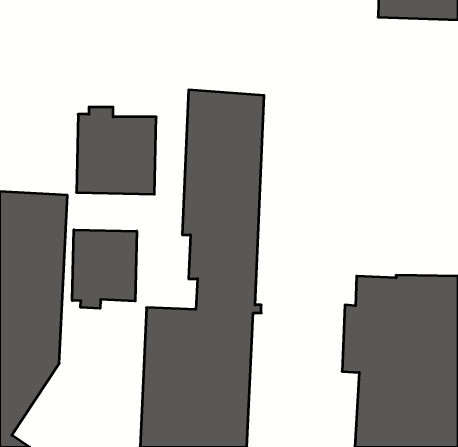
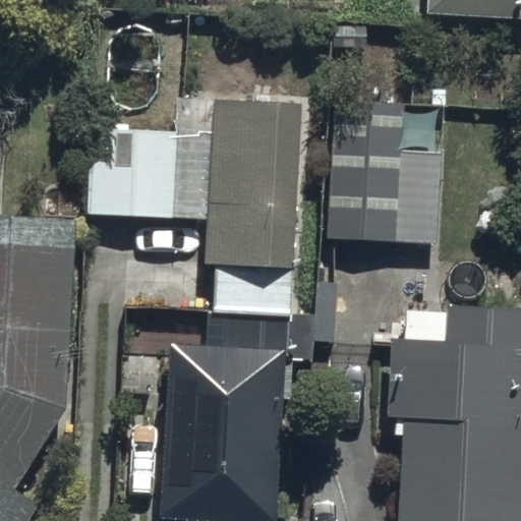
building: none -> [329,102,438,239]
building: [72,230,137,308] -> none

